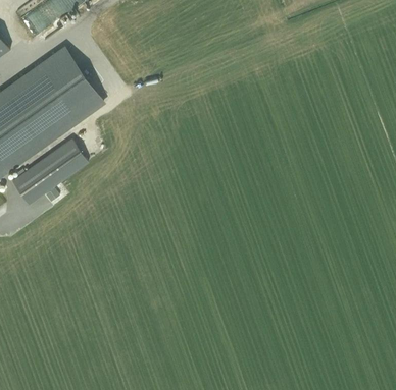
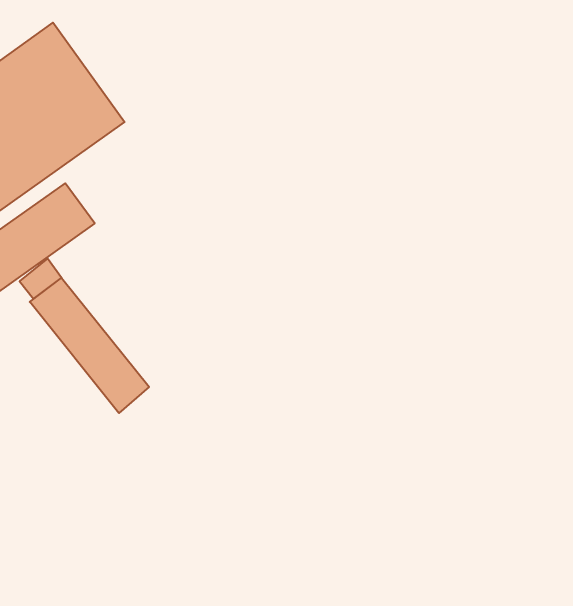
building: none -> [30,278,149,413]

